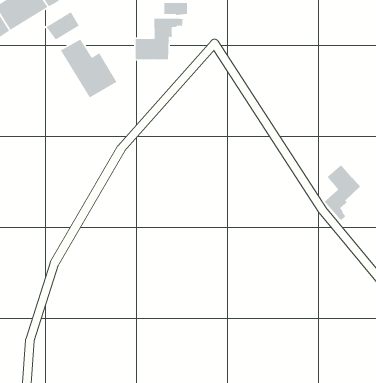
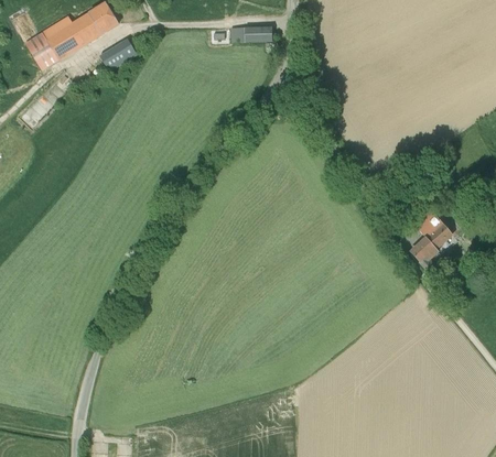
building: [135,18,183,60] -> none
building: [60,39,118,99] -> none

